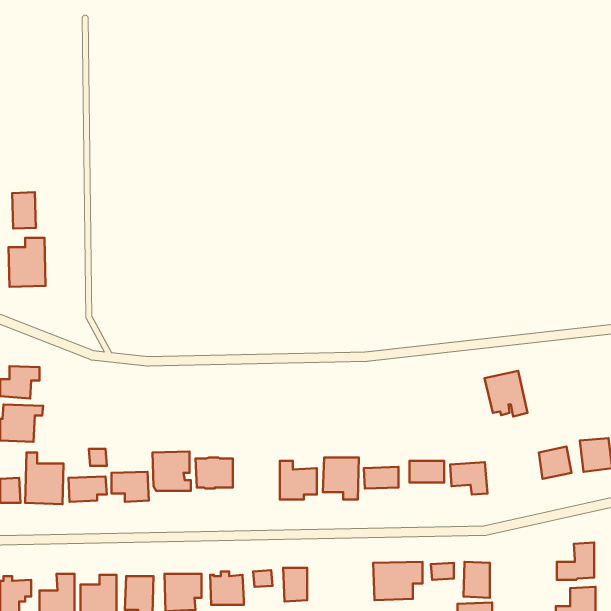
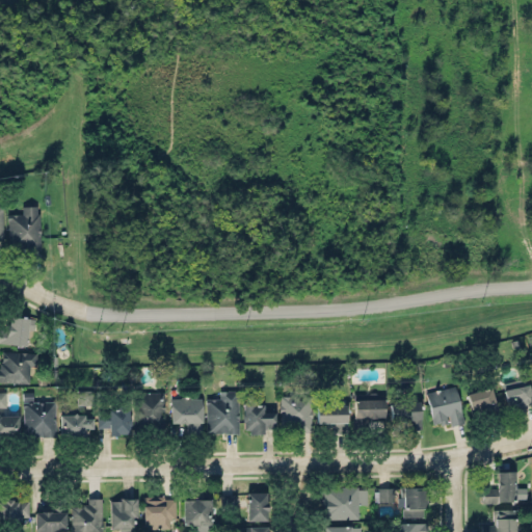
building: [12,192,36,229] -> none
building: [484,371,528,416] -> [428,388,466,427]
building: none -> [207,392,240,435]

